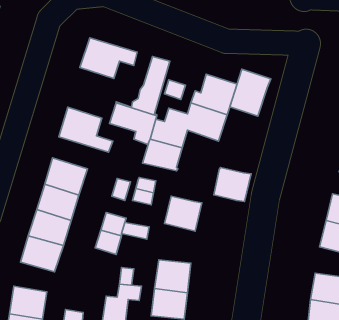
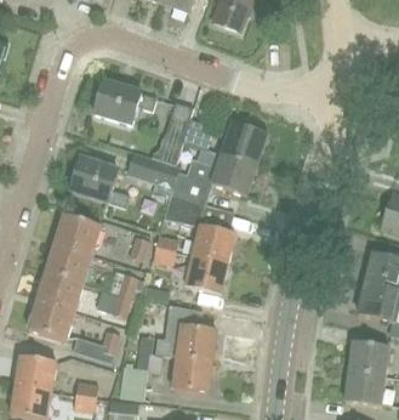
building: [230,69,271,116] -> none
building: [214,167,251,201] -> [194,225,235,262]
building: none -> [72,329,120,363]

